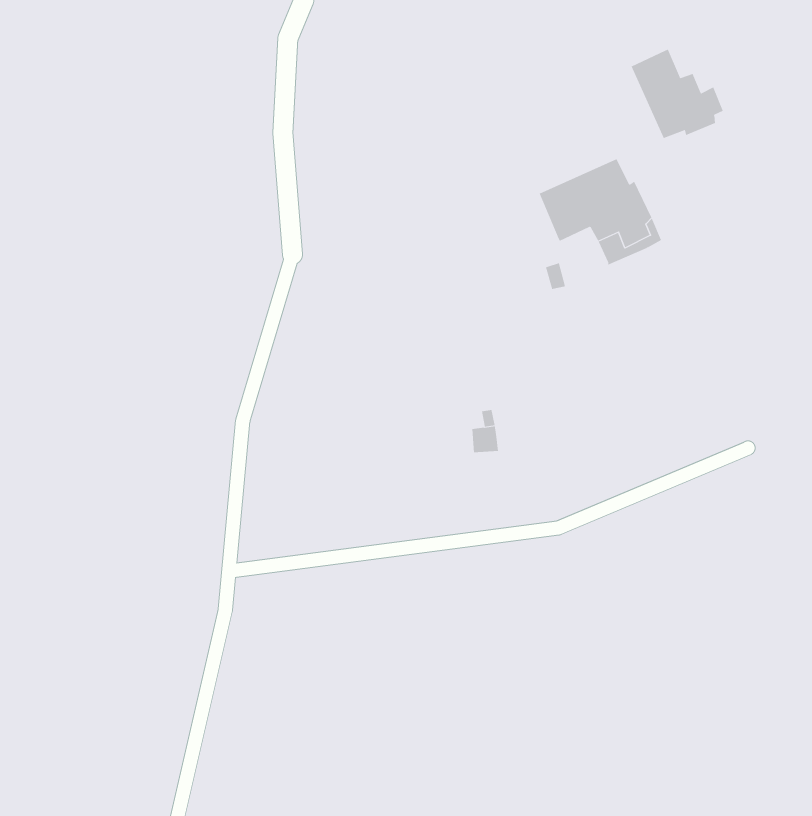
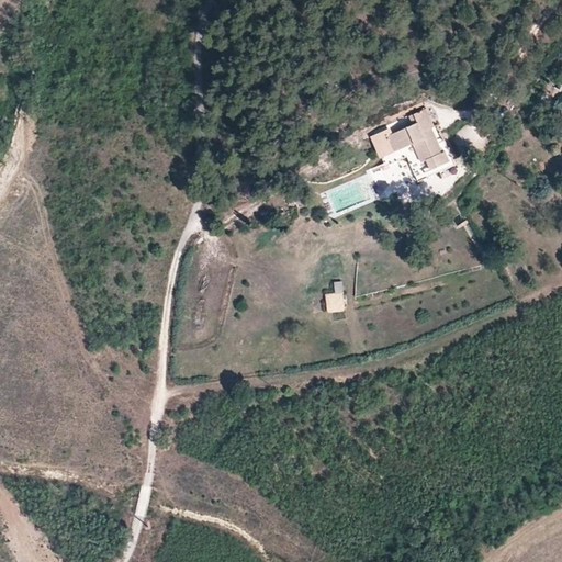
building: [631,49,723,139] -> none

